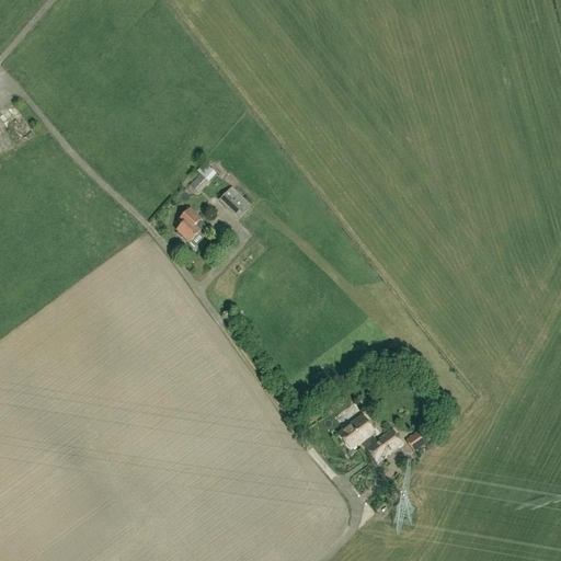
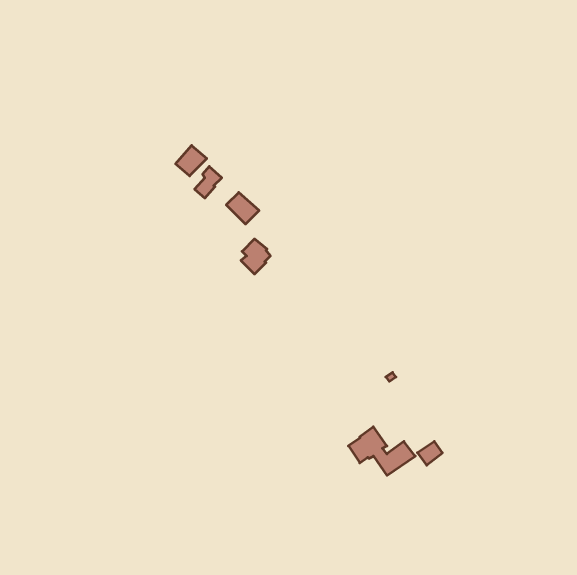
building: none -> [176,145,207,176]
building: [175,207,204,241] -> [241,239,270,274]

